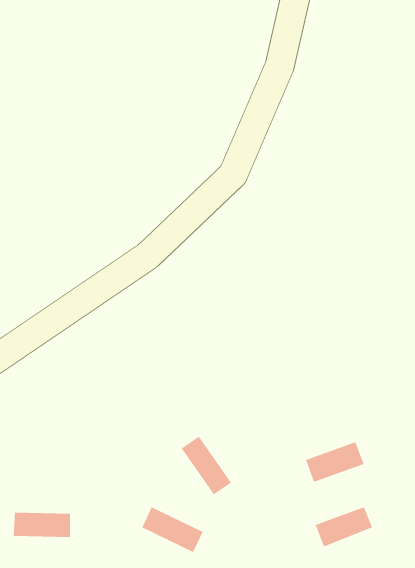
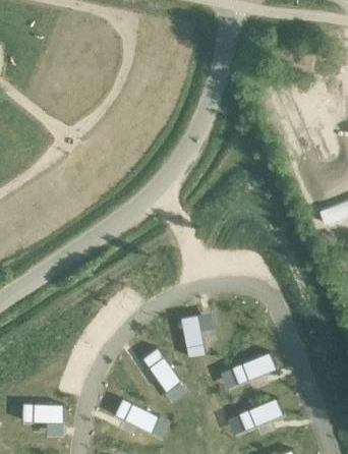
building: none -> [181,316,206,359]

